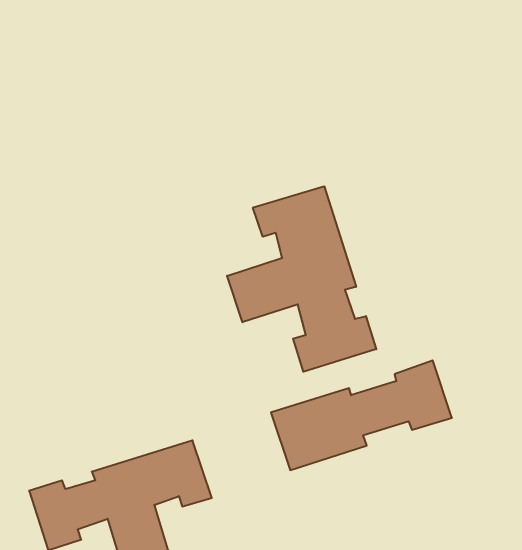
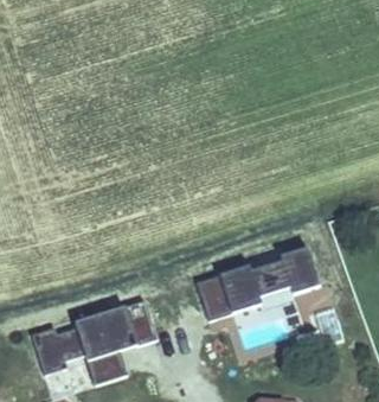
building: [227,186,376,372] -> none

